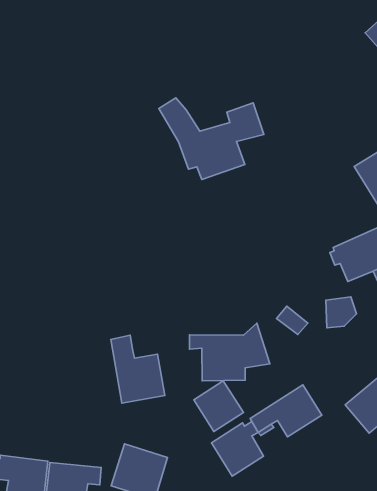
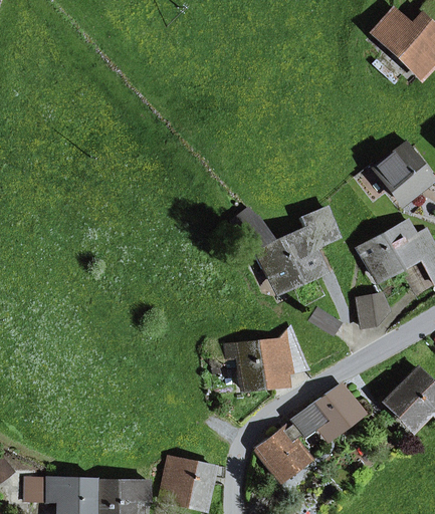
building: [159,98,264,179] -> [233,208,339,287]
building: [111,335,165,403] -> none
building: [194,381,244,432] -> none

